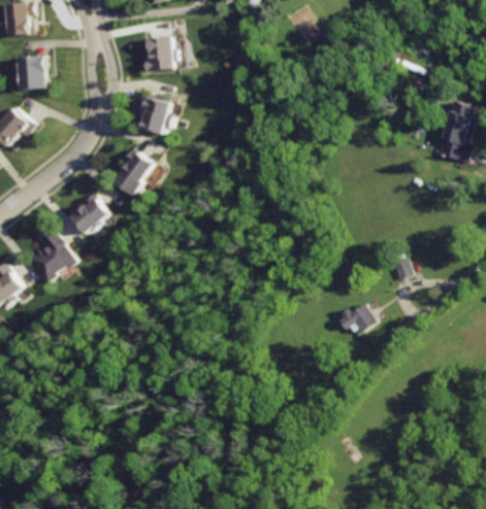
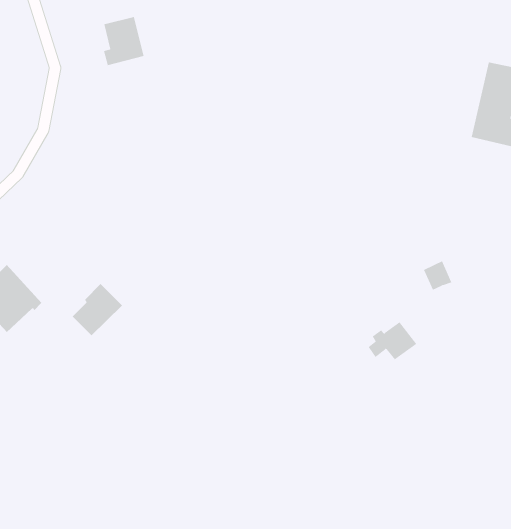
building: [135,96,171,134] -> none
building: [114,148,152,194] -> none
building: [67,192,109,234] -> [72,283,123,336]

